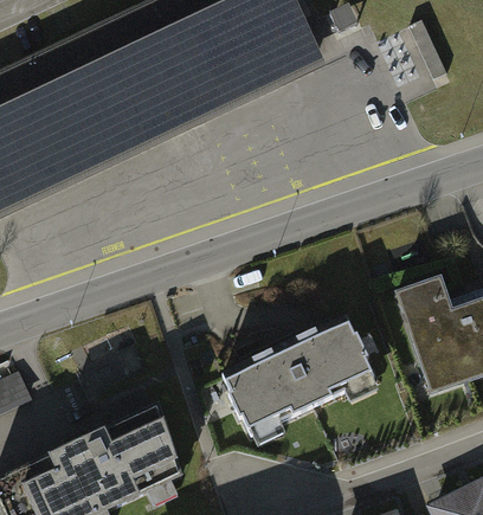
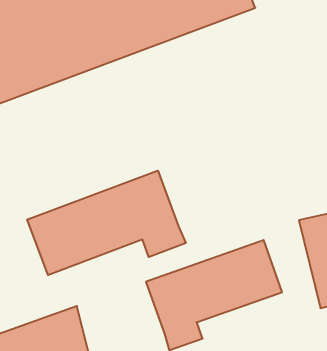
building: none -> [27,171,186,275]

